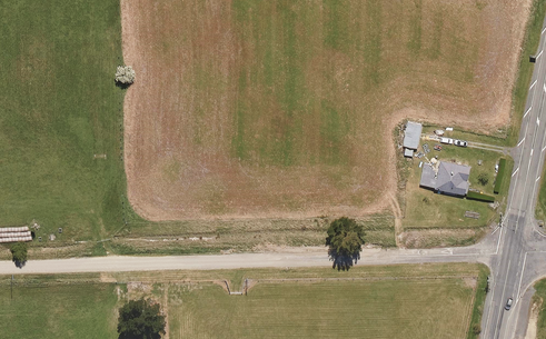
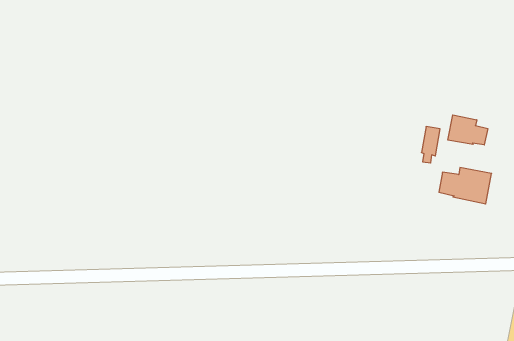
building: none -> [448,115,488,145]

